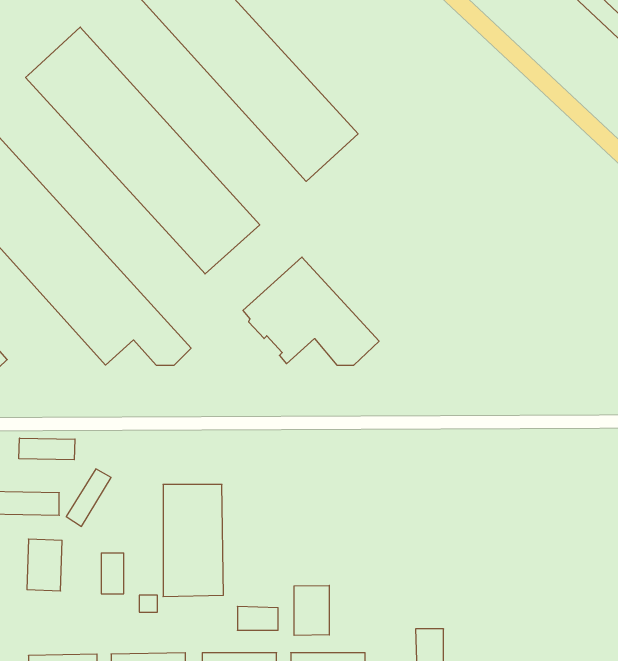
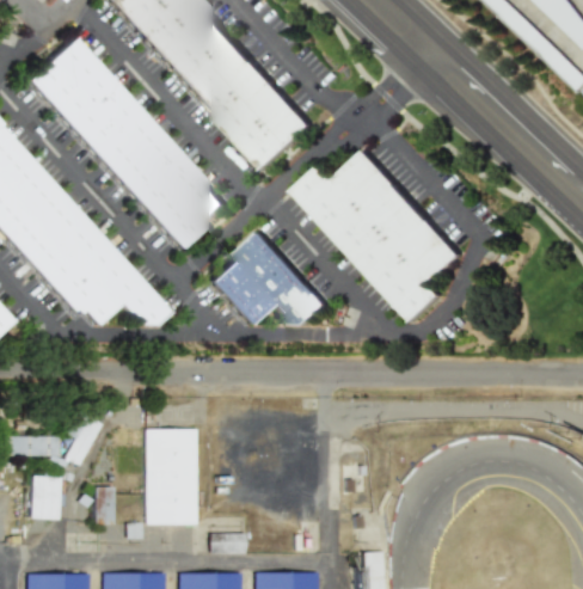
building: none -> [296,155,462,324]
building: [19,438,75,460] -> none
building: [294,585,329,635] -> none

